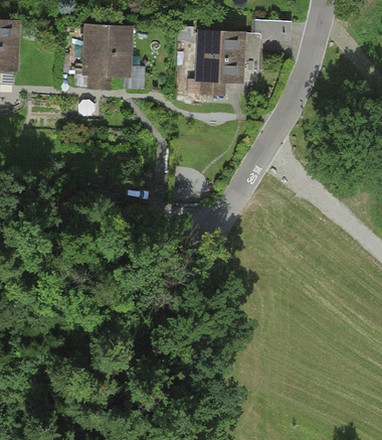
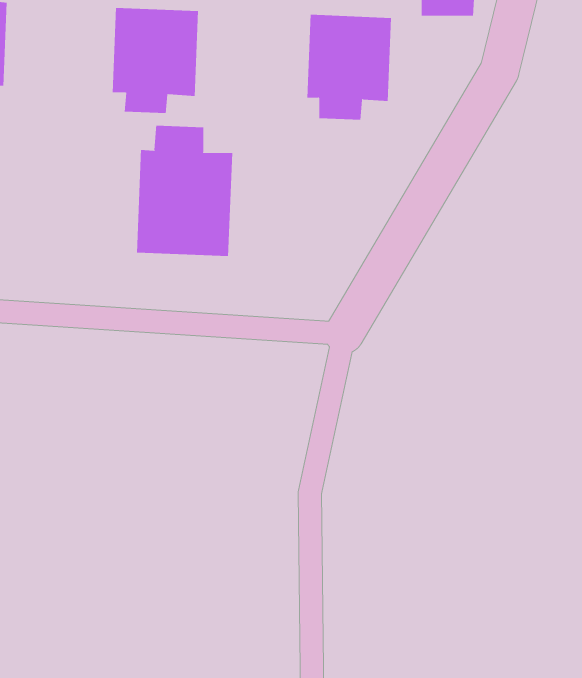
building: none -> [136,125,233,257]

